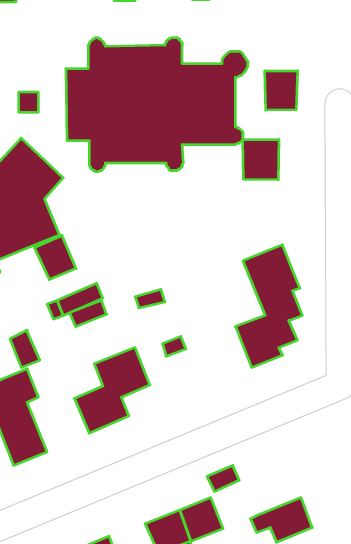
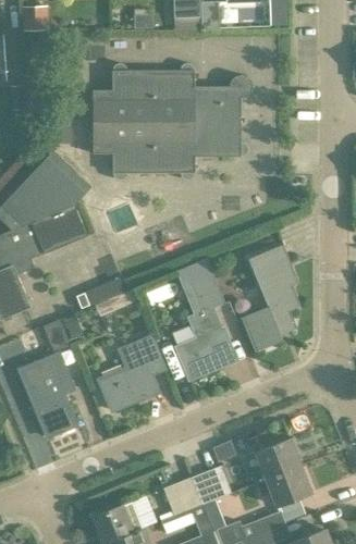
building: [265,71,298,110] -> none
building: [243,139,279,180] -> none
building: [35,235,76,280] -> none
building: none -> [176,258,231,379]
building: none -> [257,438,299,481]

